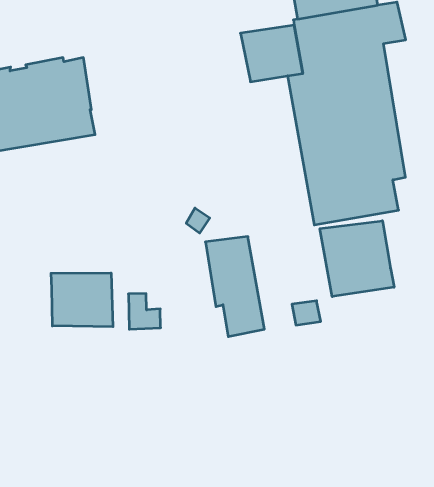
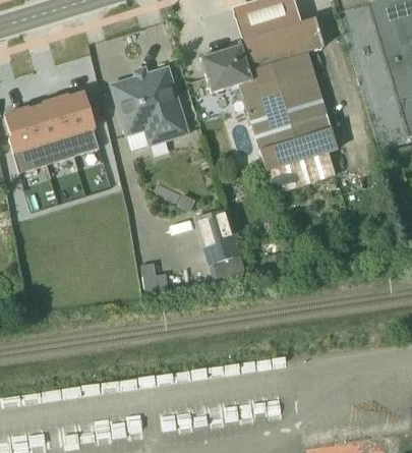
building: none -> [110,66,189,150]
building: [320,221,394,297] -> none
building: [51,273,113,327] -> none

